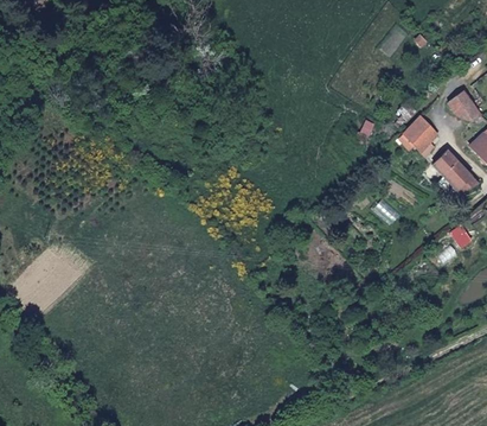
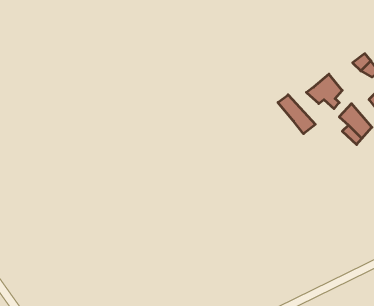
building: none -> [278,95,315,134]

